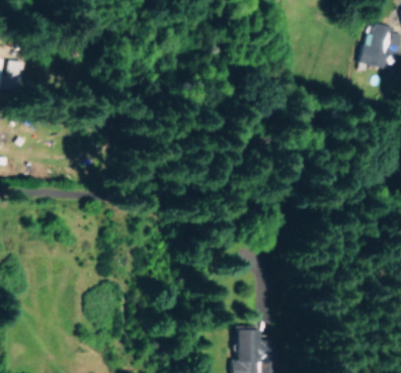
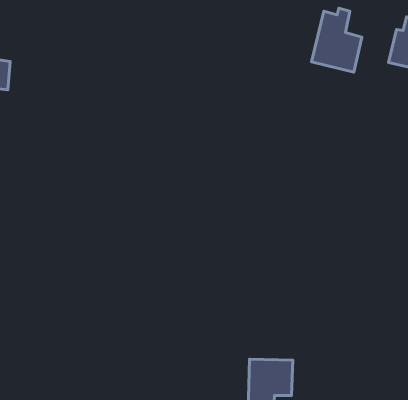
building: none -> [312,8,362,72]

